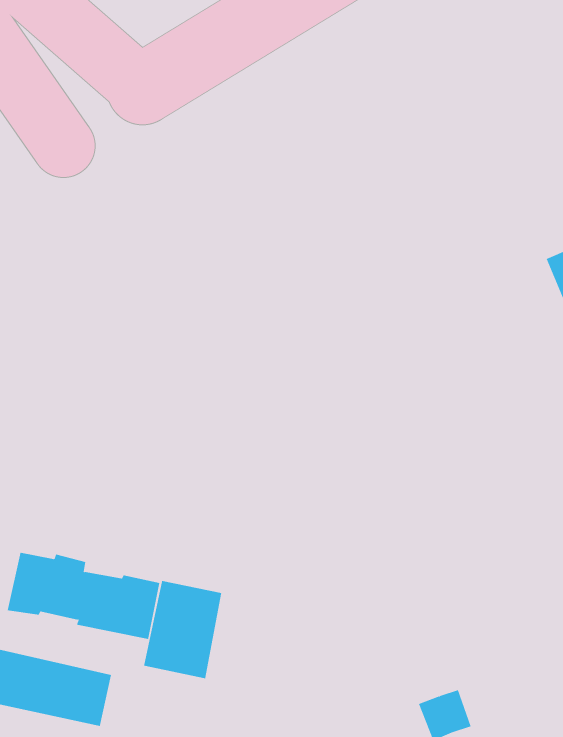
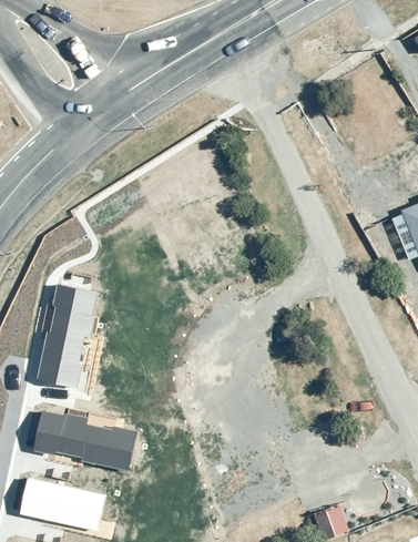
building: none -> [34,284,94,388]
building: [144,580,222,679] -> none

